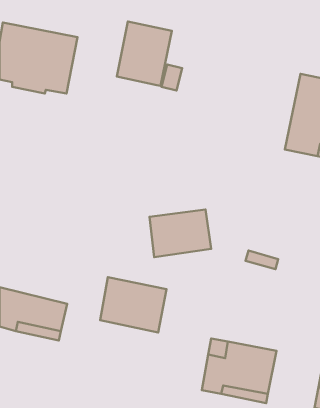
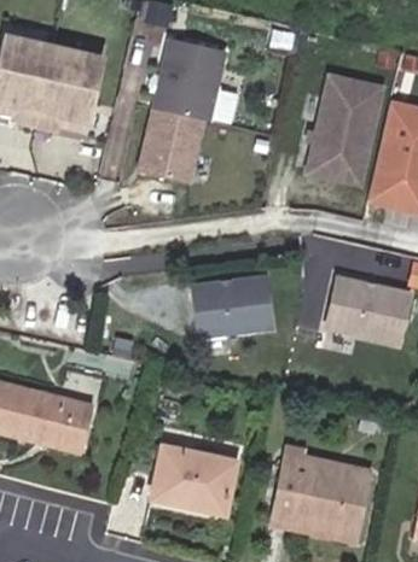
building: none -> [312,81,383,187]
building: none -> [140,110,205,183]
building: none -> [327,281,411,347]
building: [100,277,167,332] -> [145,437,231,508]

